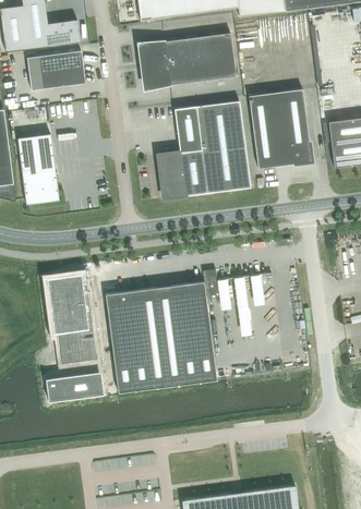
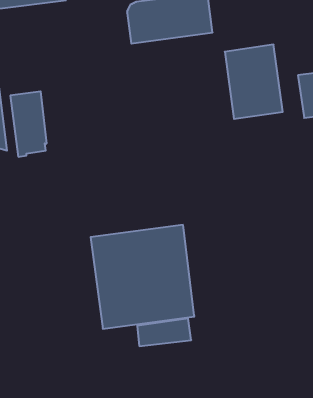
building: [26,50,84,89] -> none
building: [158,100,250,198] -> none
building: [47,274,96,364] -> none
building: [46,372,104,401] -> [137,319,191,346]

